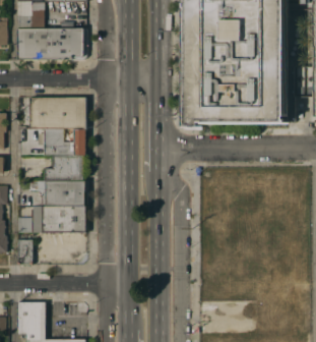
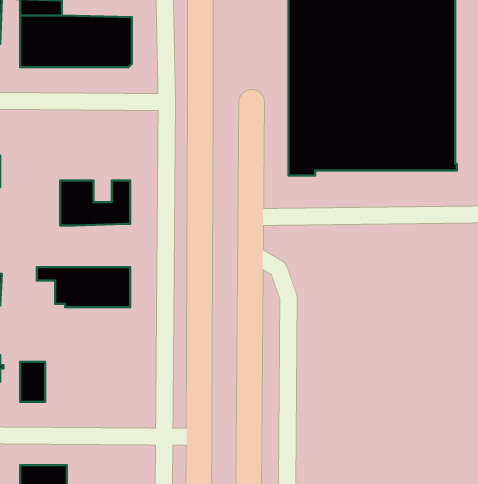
building: [28,97,85,128] -> none
building: [43,155,82,181] -> none
building: [17,206,84,232] -> none

